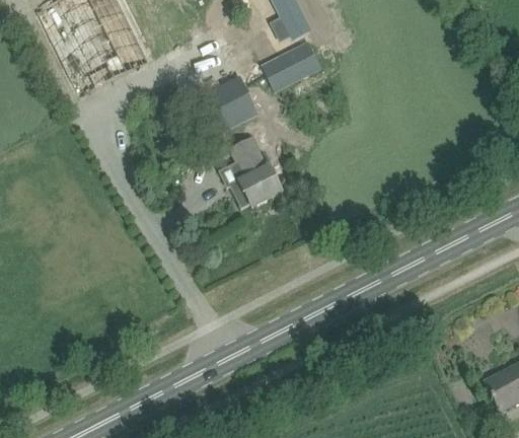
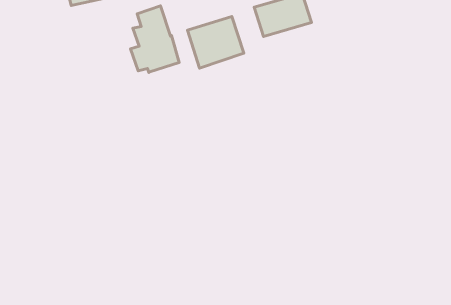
building: [228,137,281,207] -> [131,6,179,73]

